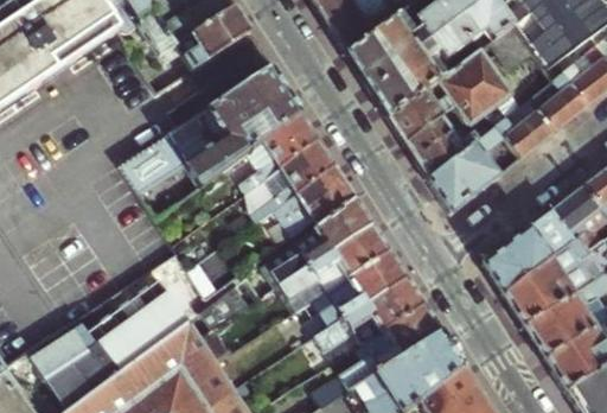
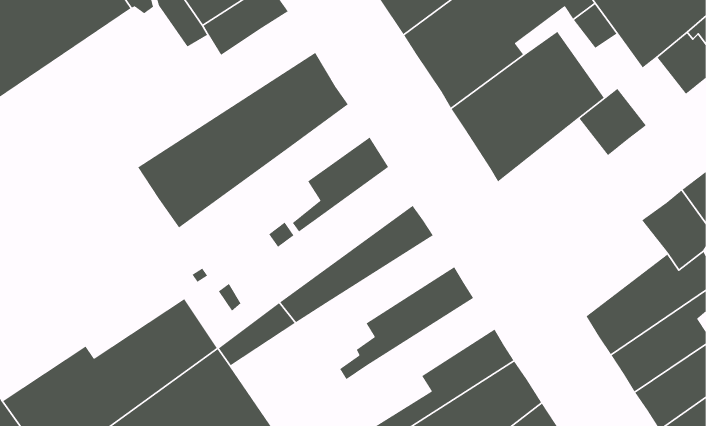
building: [530,72,588,131] -> none
building: [242,113,319,191] -> none
building: [428,125,522,212] -> none
building: [271,166,356,237] -> none
building: [483,211,573,293] -> none
building: [282,224,391,309] -> none
building: [317,278,426,350] -> none

